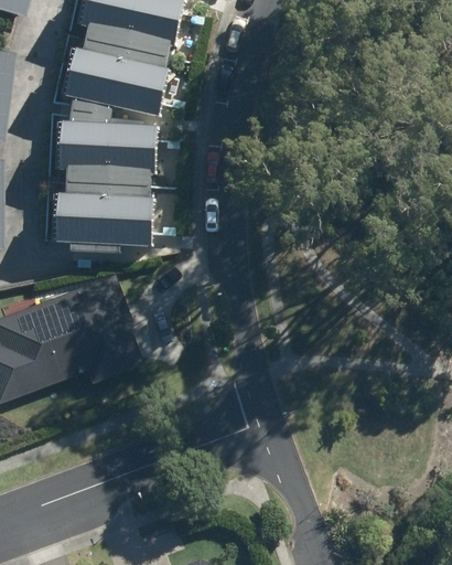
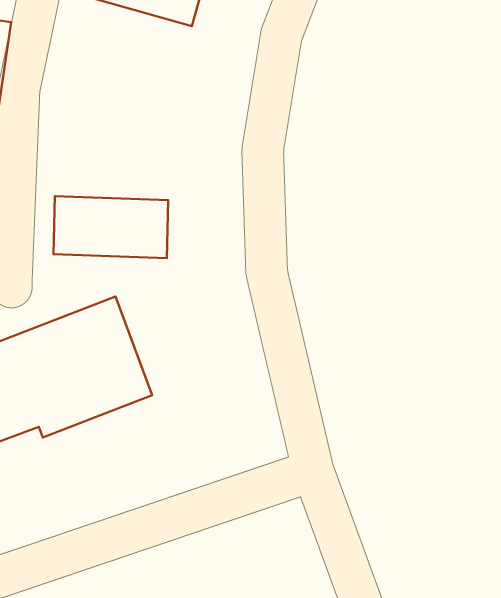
building: [61,45,168,116] -> none
building: [56,120,159,175] -> none

